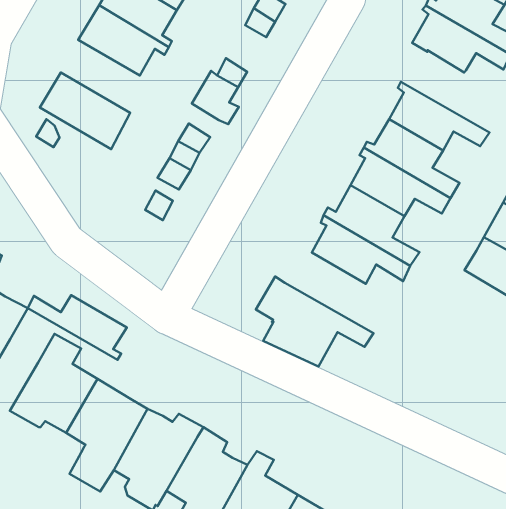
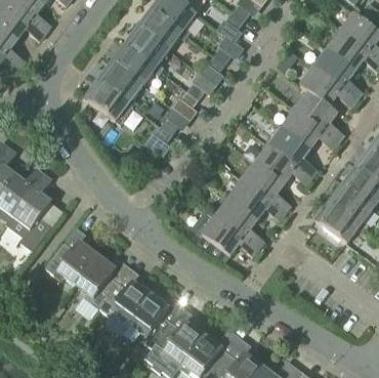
building: none -> [98,60,143,106]
building: none -> [292,90,345,141]
building: none -> [212,198,264,248]
building: [28,295,127,360] -> none

